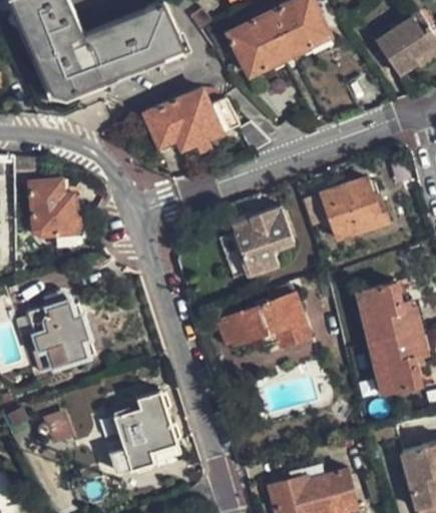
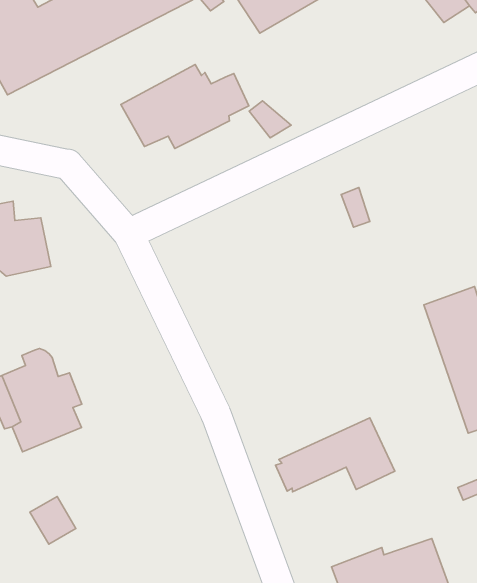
building: [323,180,388,240] -> none
building: [234,208,292,279] -> none
building: [220,296,311,350] -> [276,418,395,492]
building: [111,389,176,475] -> none

